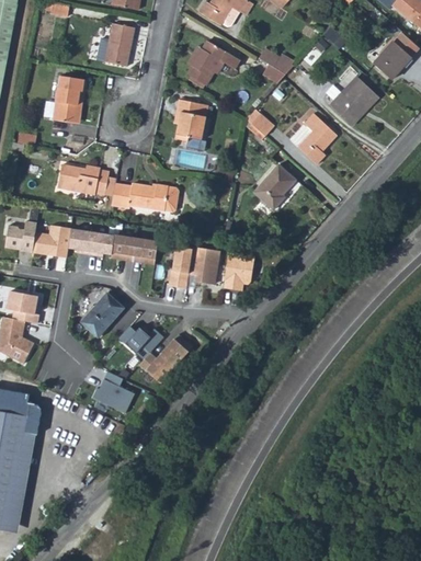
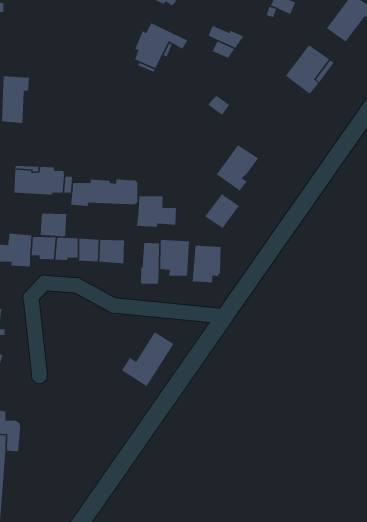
building: [95,24,133,67] -> none
building: [175,99,207,140] -> none
building: [297,113,335,164] -> none
building: none -> [136,195,177,228]
building: none -> [204,193,240,229]
building: none -> [40,213,67,237]
building: [81,291,123,335] -> none
building: [115,324,160,352] -> none
building: [89,369,132,411] -> none

